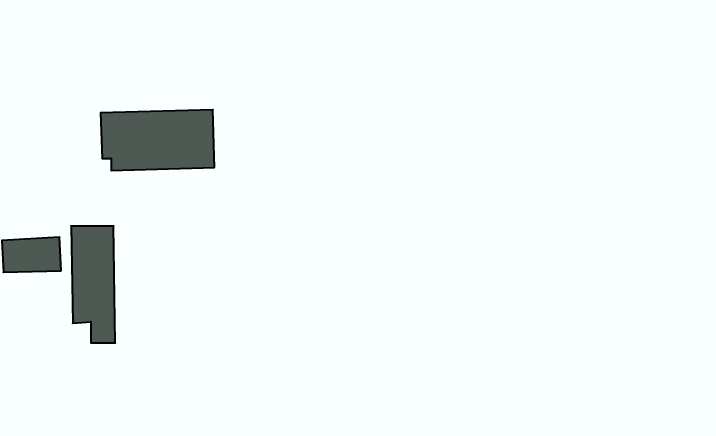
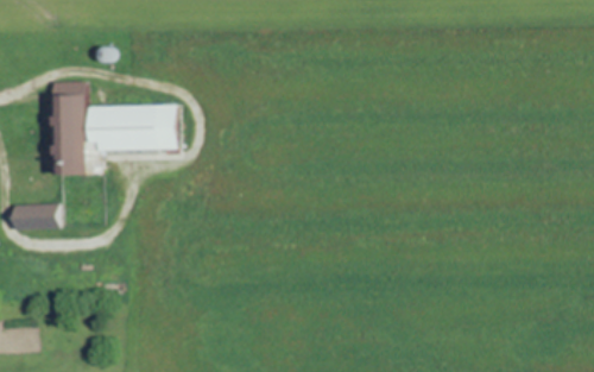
building: [71,226,115,343] -> [52,82,87,174]

